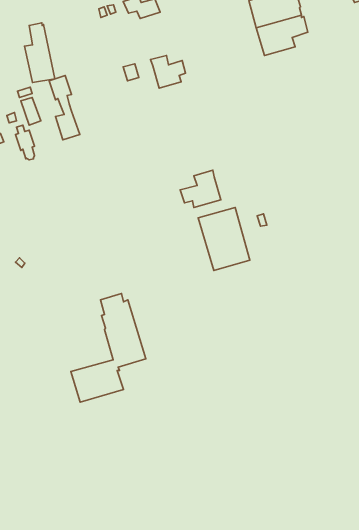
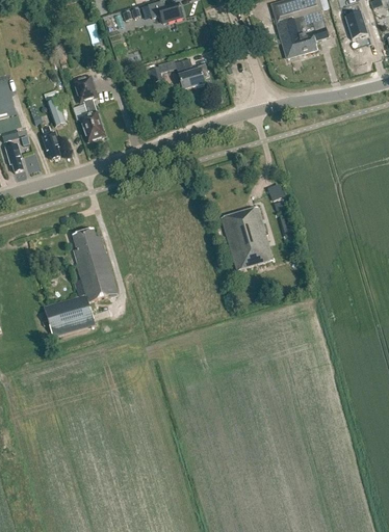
building: none -> [345,10,368,37]
building: [25,23,55,83] -> none
building: [180,170,221,208] -> none
building: [71,293,146,402] -> [44,228,118,335]

